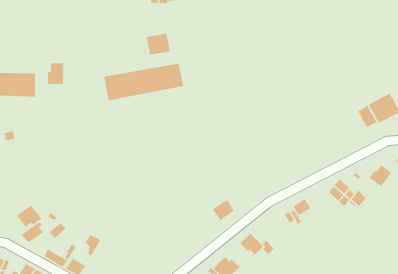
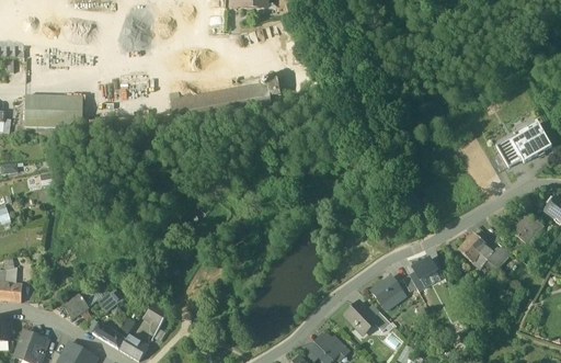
building: [146,33,171,55] -> none
building: [47,62,64,85] -> none
building: [212,199,235,221] -> [371,275,401,304]
building: [16,204,42,228] -> none

